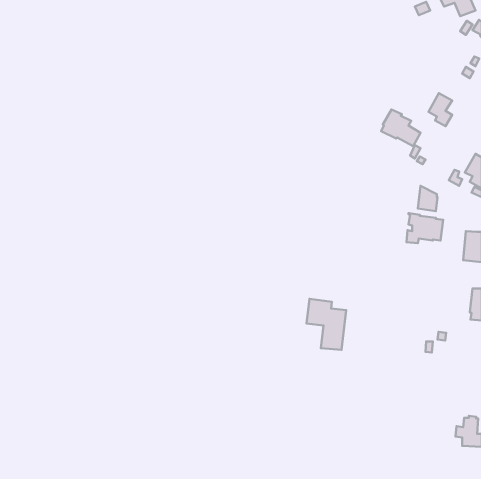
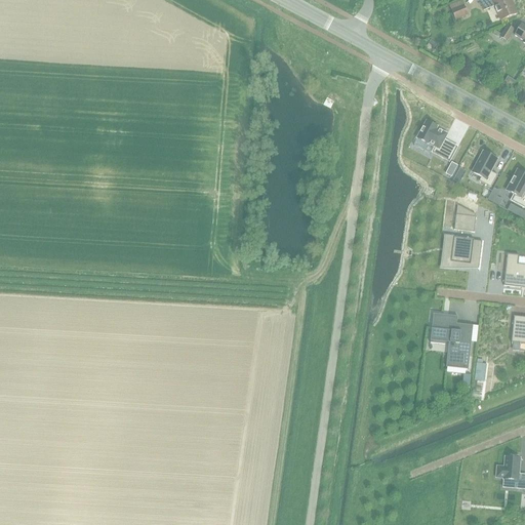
building: [429,93,452,126] -> [473,149,498,185]
building: [307,299,346,350] -> [431,311,474,366]

